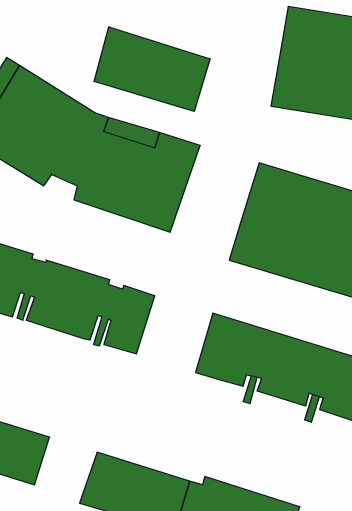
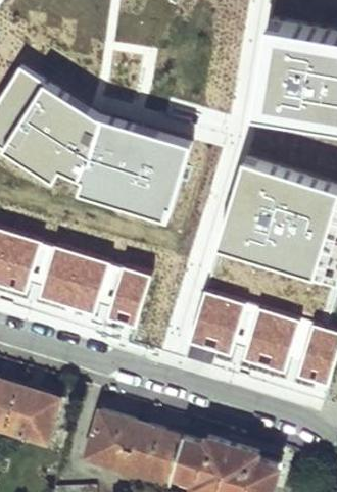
building: [94,27,210,111] -> none

